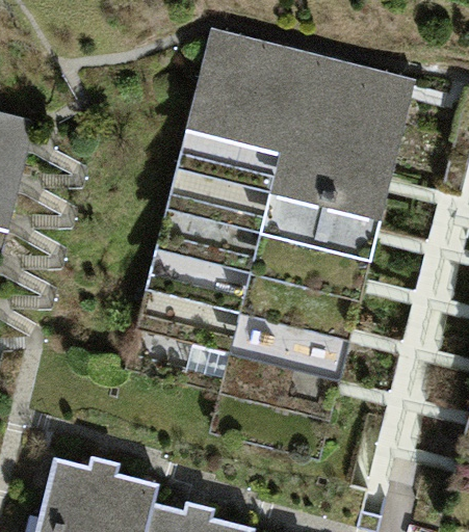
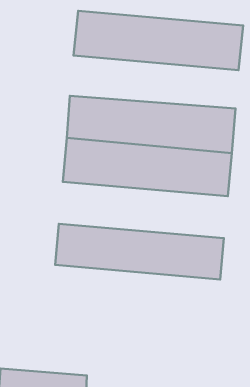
building: [186,83,399,181] -> none
building: [147,236,361,338] -> none

